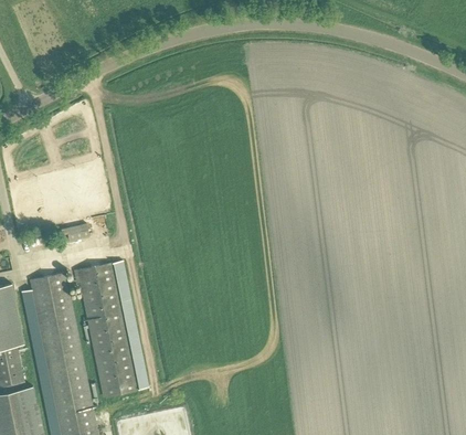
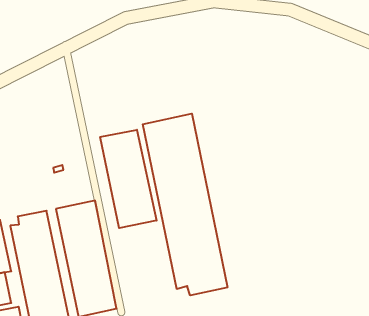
building: none -> [143,114,227,295]
building: none -> [100,130,157,228]

